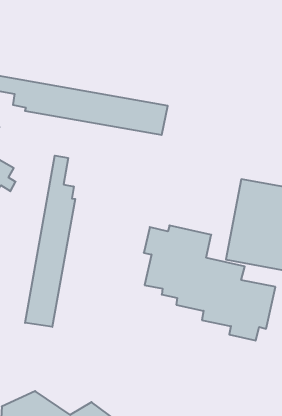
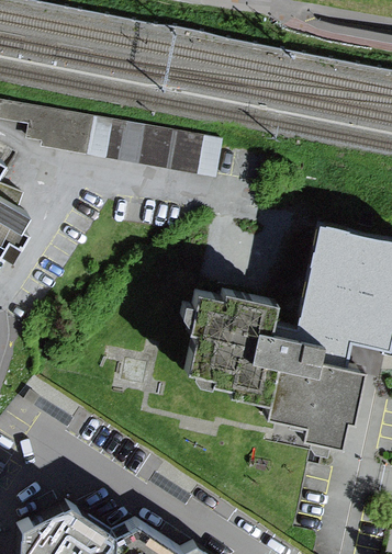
building: [25,156,75,327] -> none

